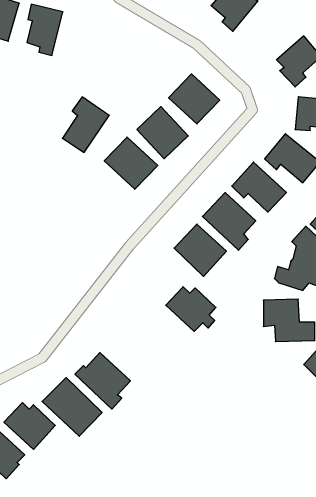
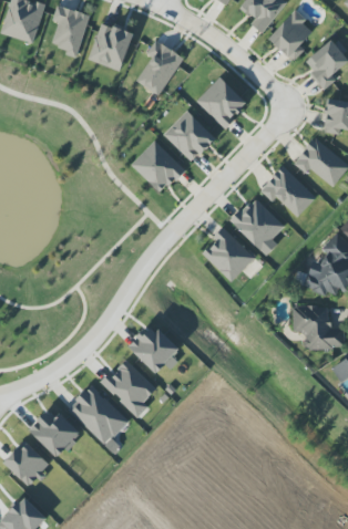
building: none -> [268,11,314,62]
building: none -> [89,22,133,71]
building: [62,97,109,152] -> [136,39,184,95]
building: [166,287,216,331] -> [129,328,180,373]

